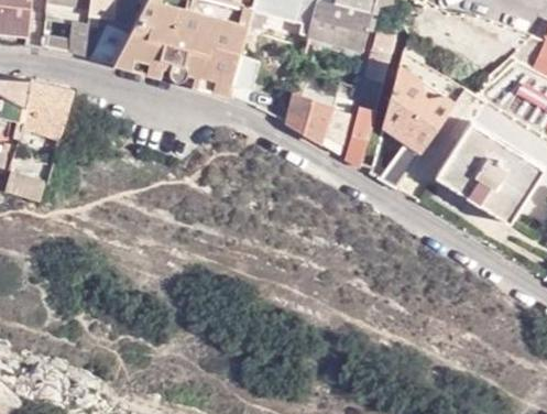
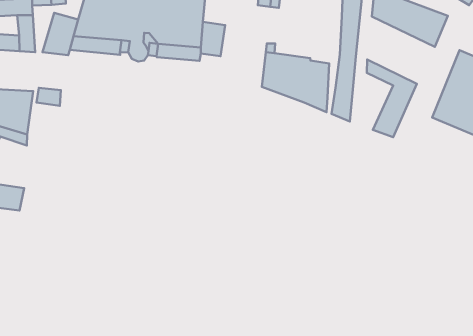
building: [384,77,448,145] -> none

